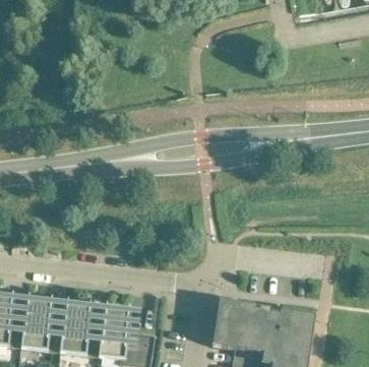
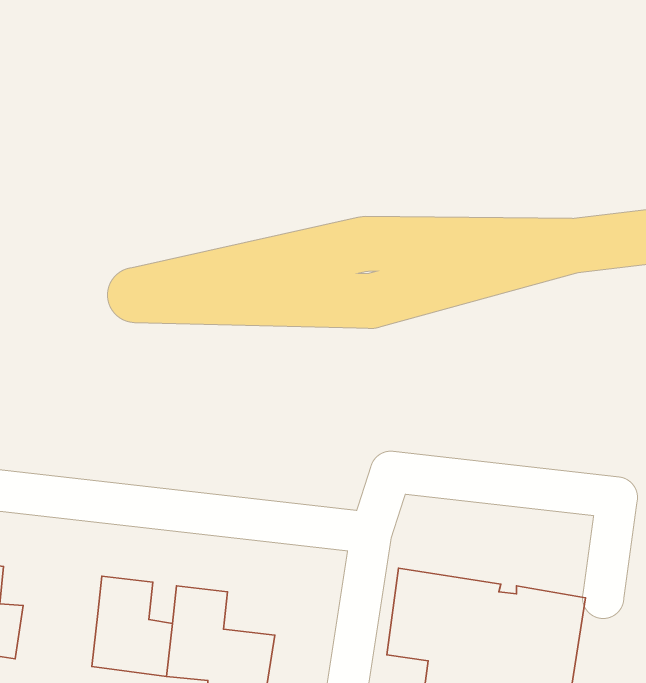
building: [20,300,63,351] -> none

